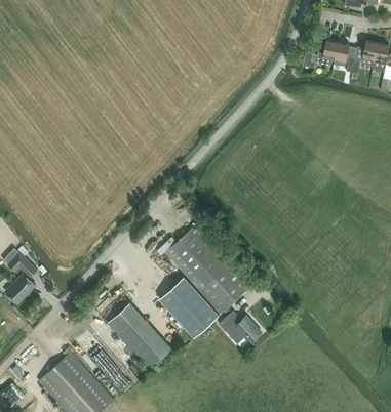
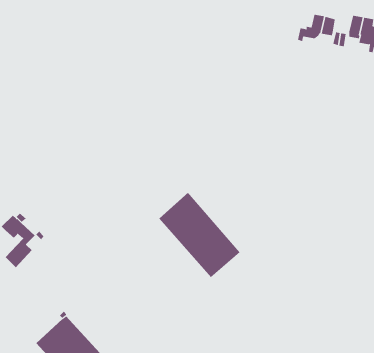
building: [159,277,219,337] -> none
building: [108,302,171,369] -> none
building: [219,311,262,344] -> none

